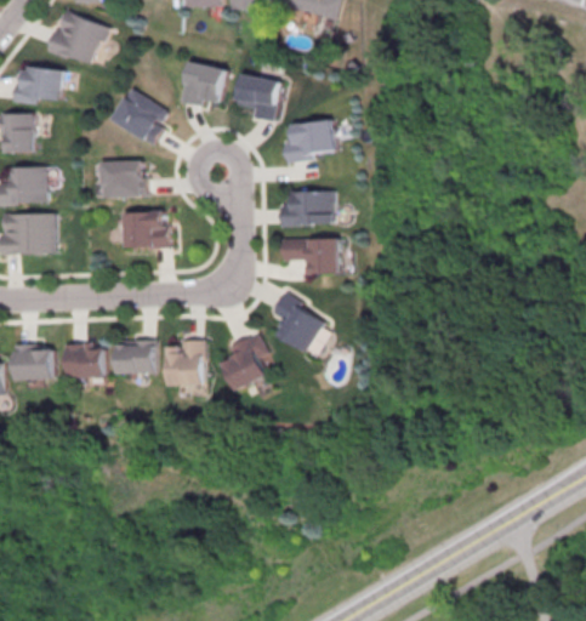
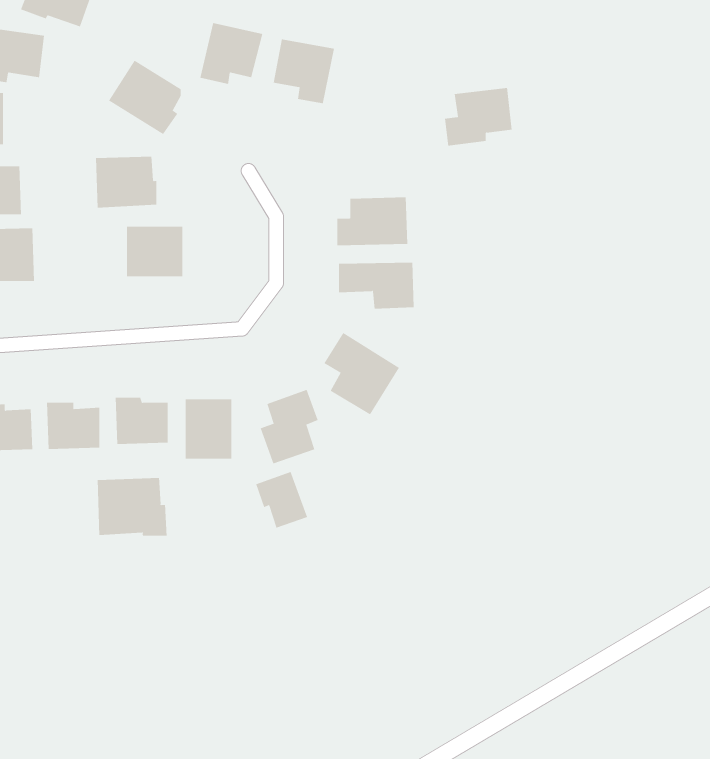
building: [283,120,334,164] -> [444,87,513,146]
building: none -> [256,471,308,529]
building: none -> [97,477,167,536]

